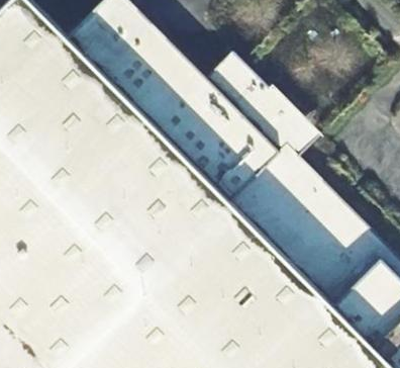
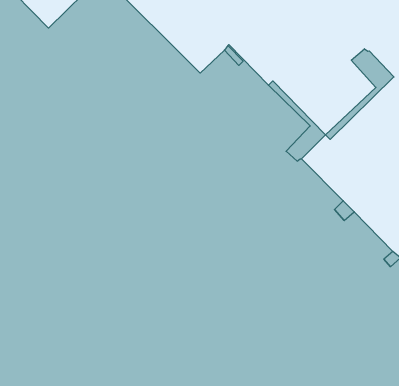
building: none -> [326,49,394,139]

